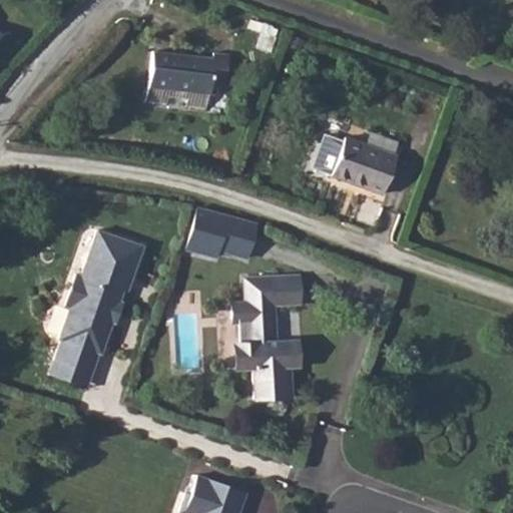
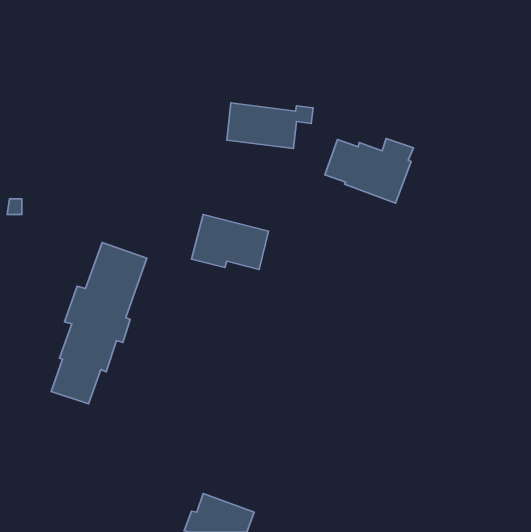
building: [148,50,231,94] -> [227,103,313,149]
building: [229,275,304,403] -> none

